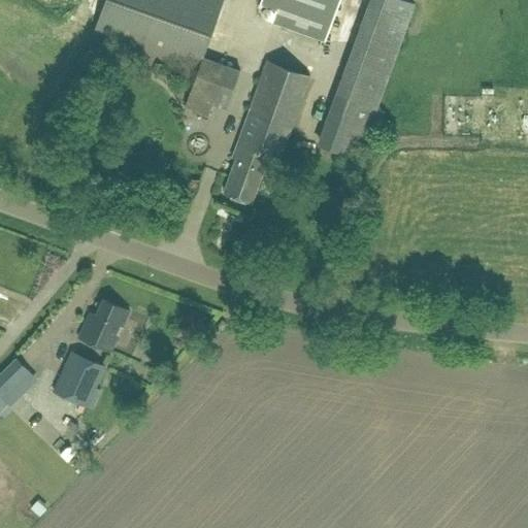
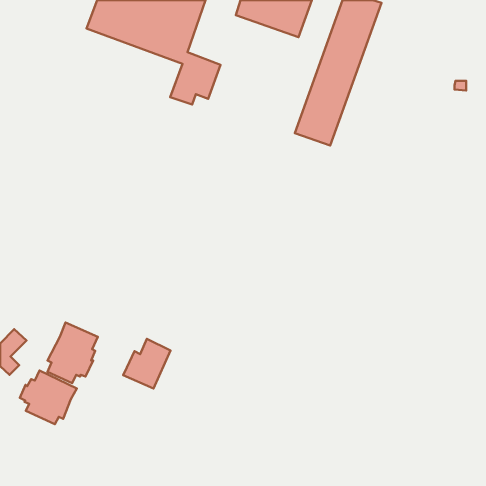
building: [224,62,309,202] -> none
building: [77,298,129,352] -> [123,339,171,388]
building: none -> [20,371,77,424]

